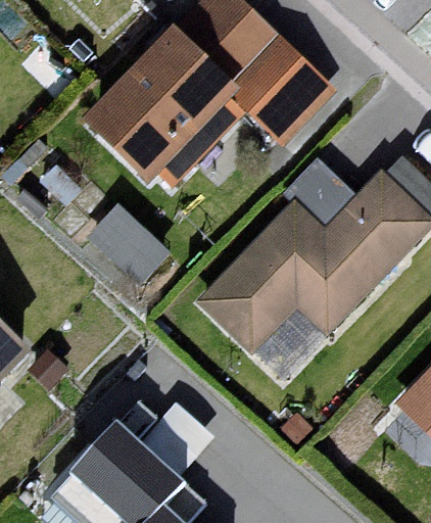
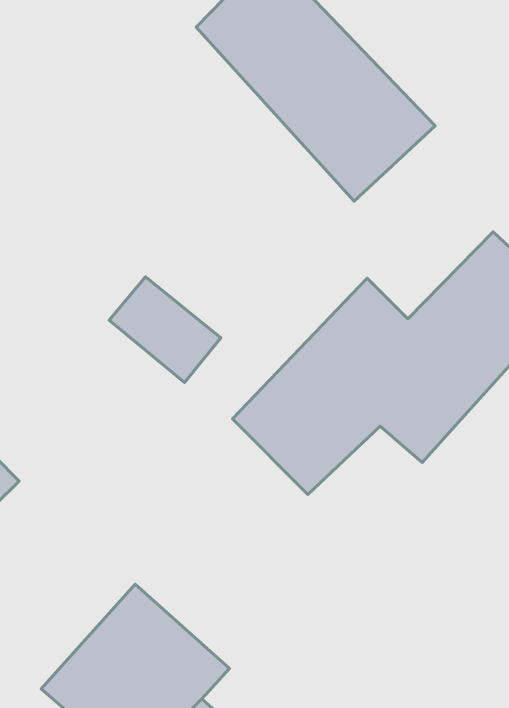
building: [79,27,242,185] -> none

